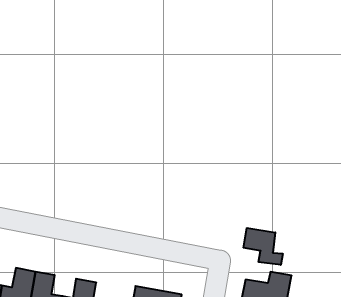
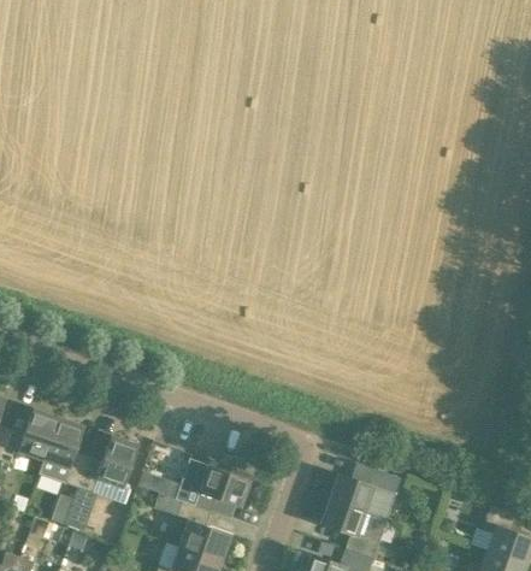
building: [244,228,283,265] -> none

